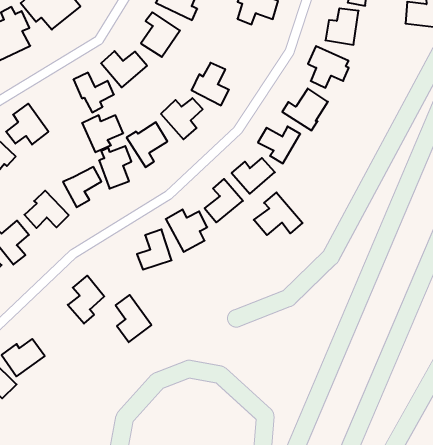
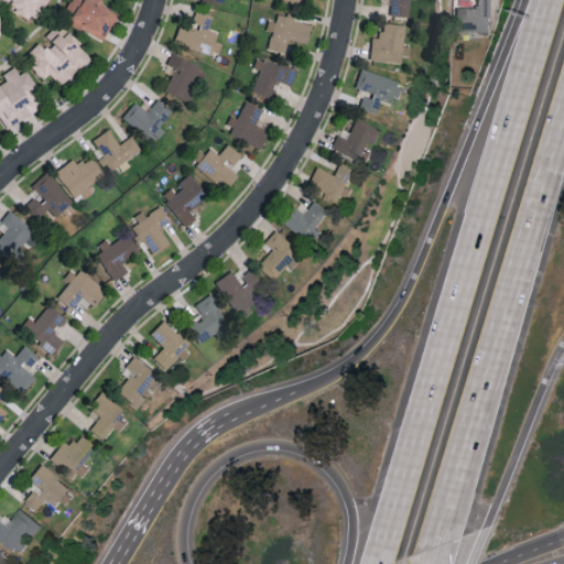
building: none -> [252,58,296,98]
building: [82,115,123,152] -> [56,158,104,202]
building: [254,192,303,235] -> none
building: [116,295,151,342] -> [150,322,193,375]
building: none -> [90,393,129,443]

